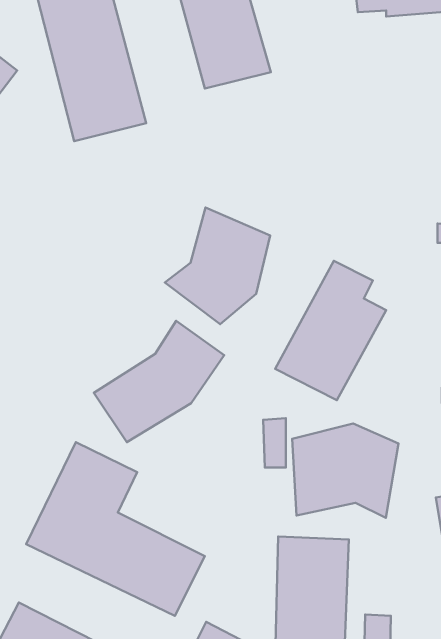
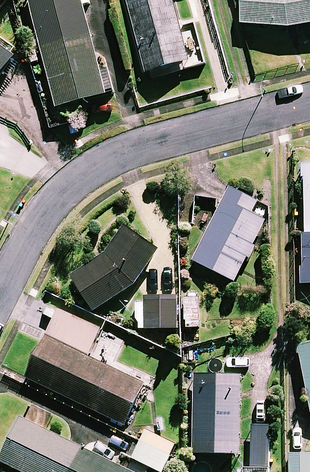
building: [165,207,270,324] -> none
building: none -> [143,294,178,327]
building: [292,423,399,518] -> none

